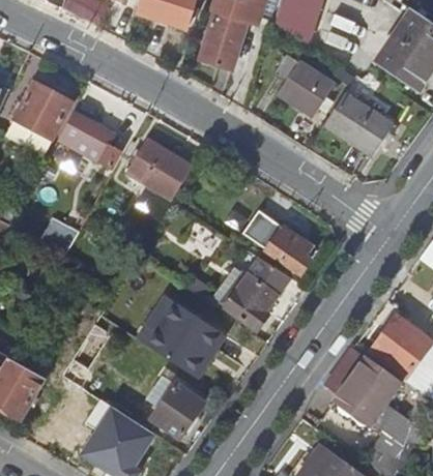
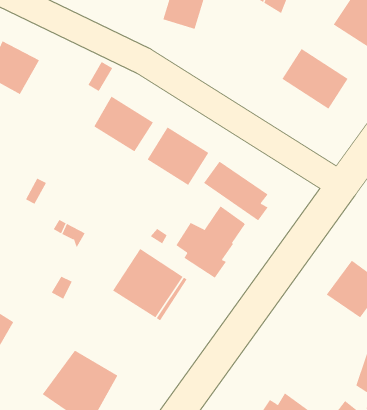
building: [270,53,334,115] -> none
building: [58,112,121,168] -> none
building: none -> [147,127,209,186]
building: [327,346,402,424] -> none
building: [147,374,205,437] -> none

